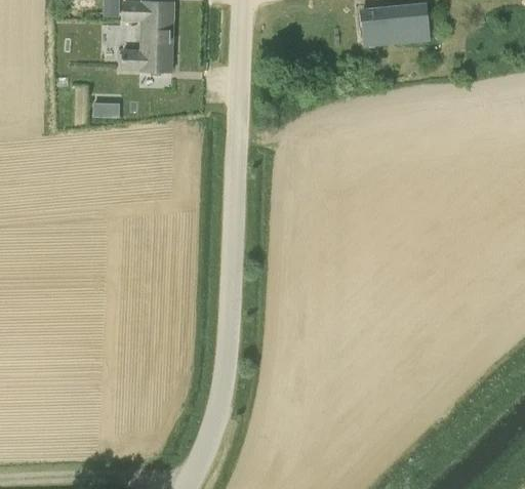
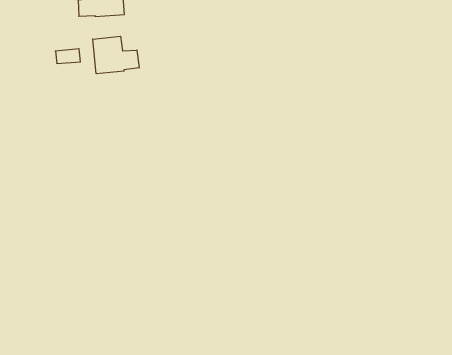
building: none -> [93,36,139,74]

